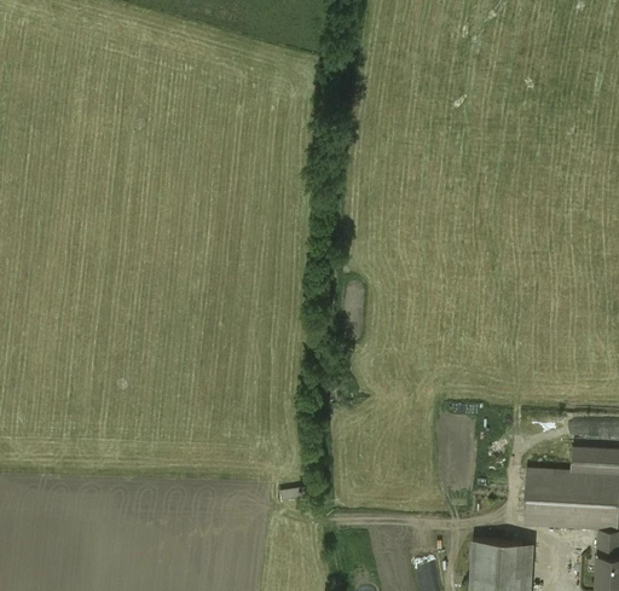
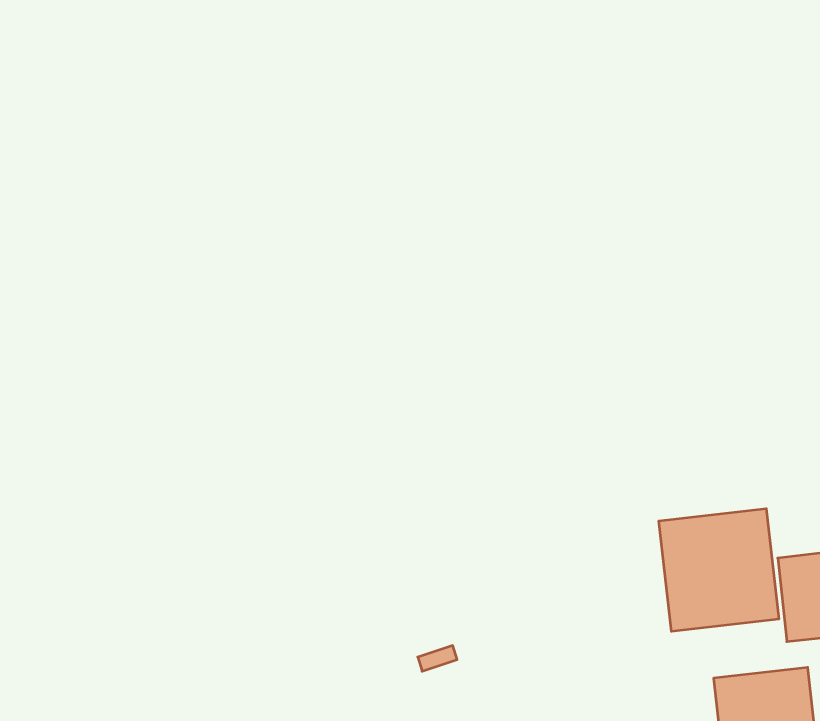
building: none -> [659,509,779,631]

